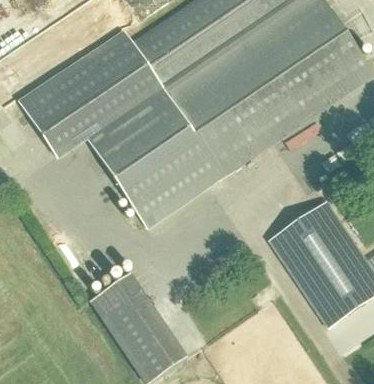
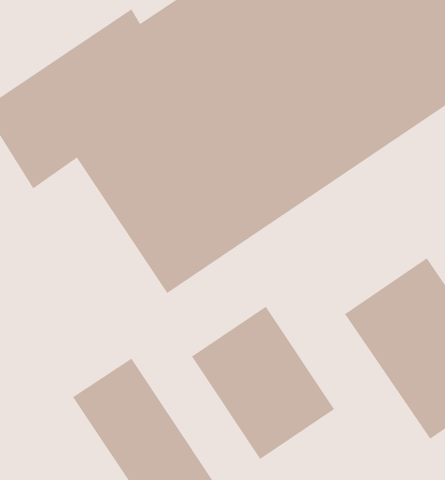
building: none -> [191,306,335,460]

